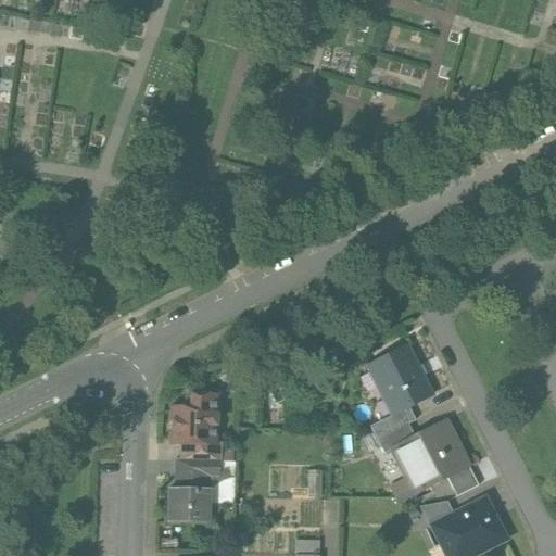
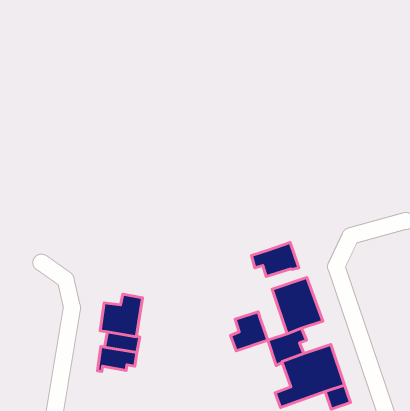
building: none -> [251,243,299,277]
building: none -> [231,312,268,351]
building: [169,481,210,522] -> none

